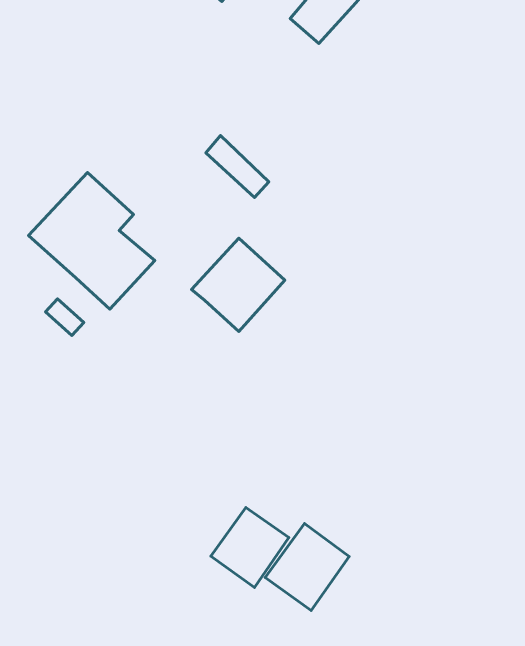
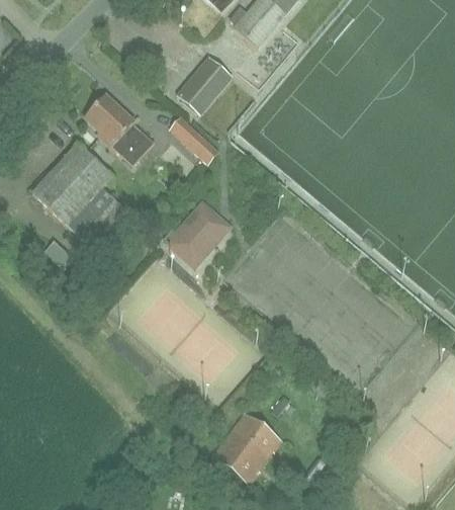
building: none -> [177,56,233,114]
building: none -> [86,96,154,165]
building: [211,508,289,587] -> none

